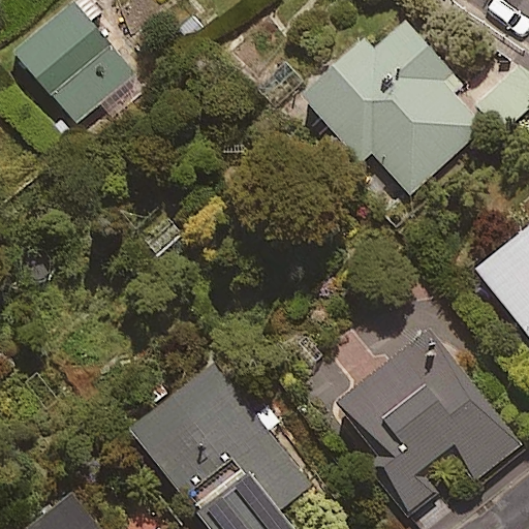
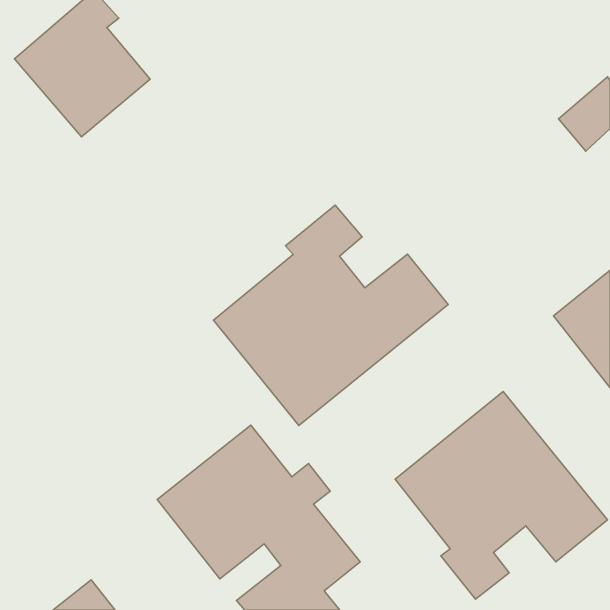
building: [302,18,476,187] -> none
building: none -> [214,205,448,425]

